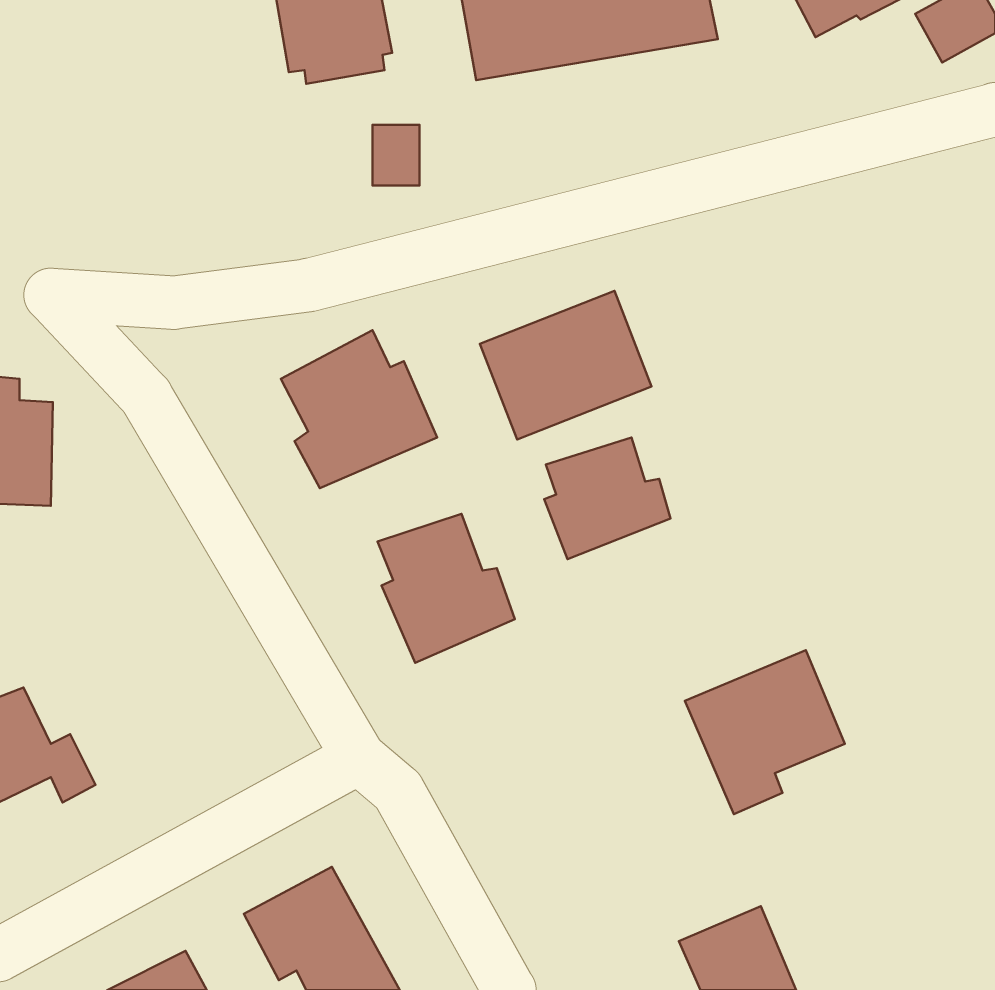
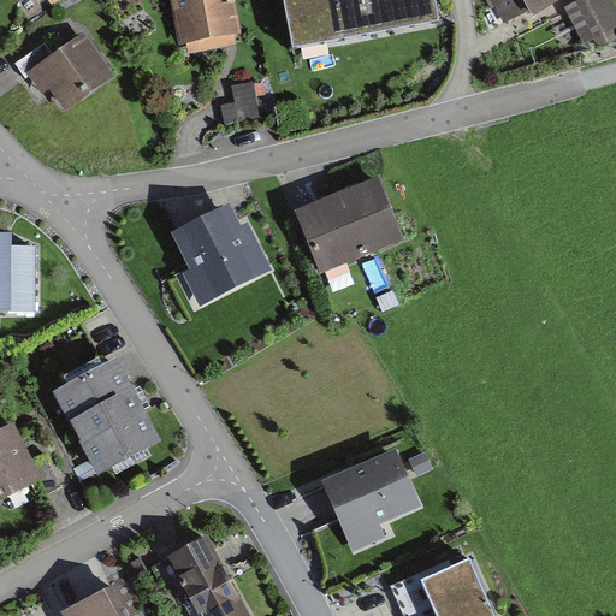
building: none -> [12,30,114,112]
building: [544,438,671,559] -> none
building: [377,514,515,663] -> none
building: none -> [53,357,160,472]
building: [685,650,845,814] -> [322,448,421,549]

